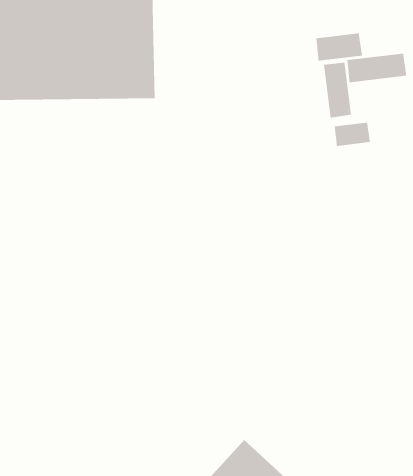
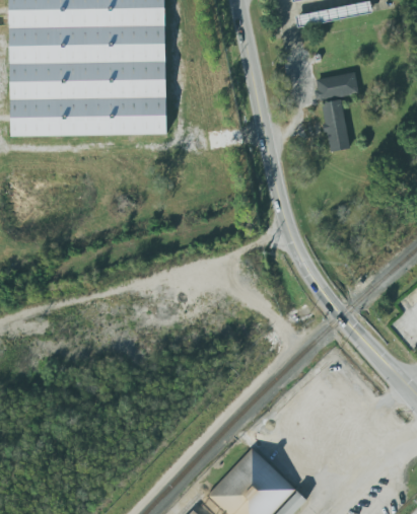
building: [347,53,407,83] -> none
building: [334,122,370,147] -> none

